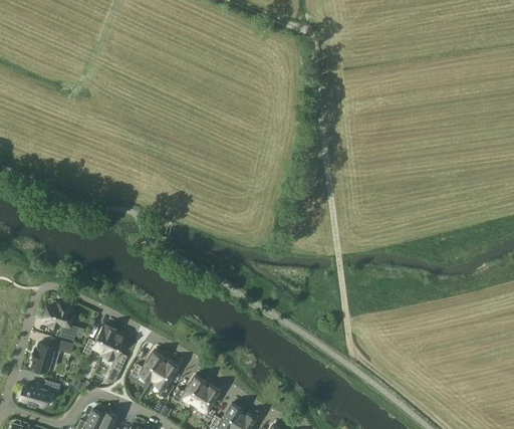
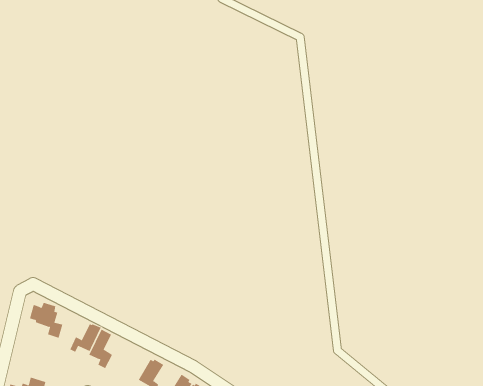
building: [32,336,75,370] -> none
building: [132,351,165,381] -> none

